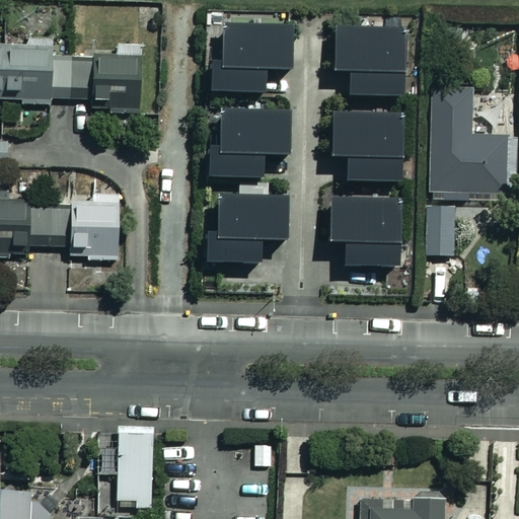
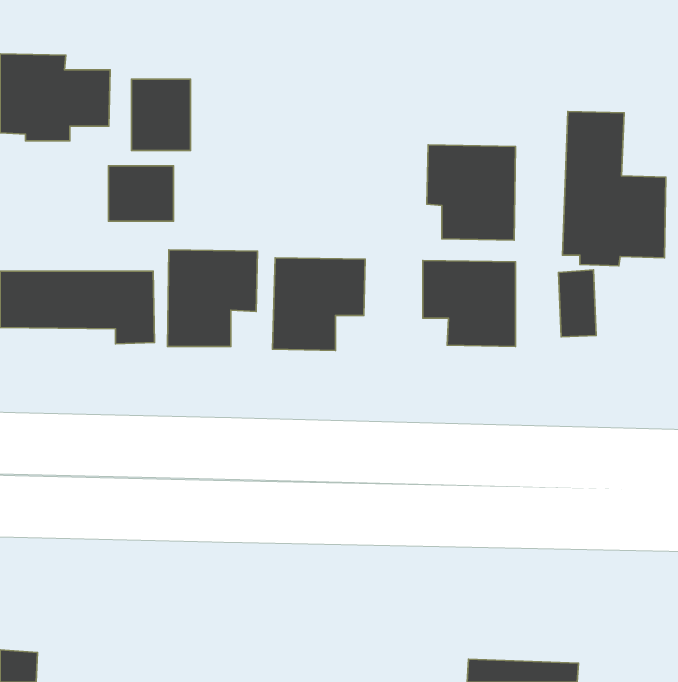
building: [218,24,287,91] -> none
building: [330,28,400,95] -> none
building: [216,106,284,179] -> [168,250,258,347]
building: none -> [109,166,173,221]
building: [119,427,157,506] -> none

